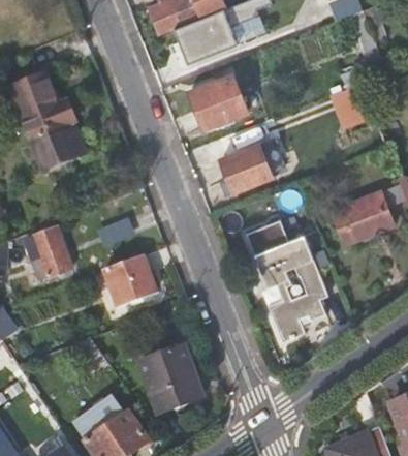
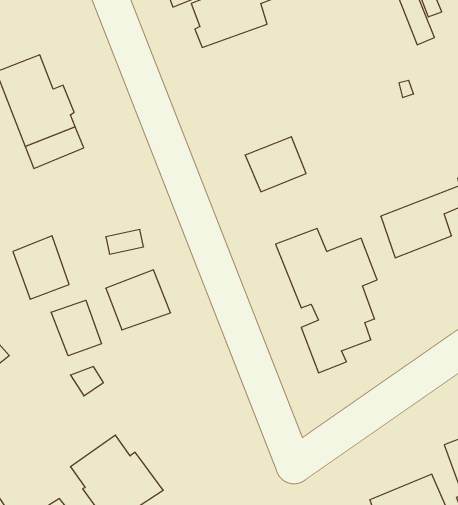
building: [189,73,248,127] -> none
building: none -> [51,300,101,356]
building: [135,343,205,415] -> none

